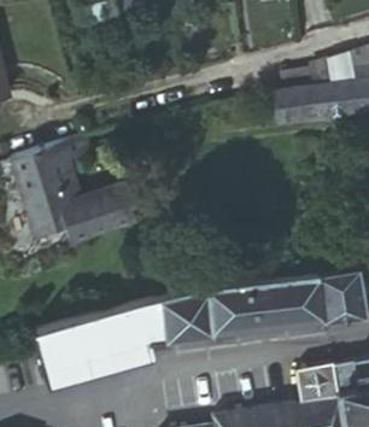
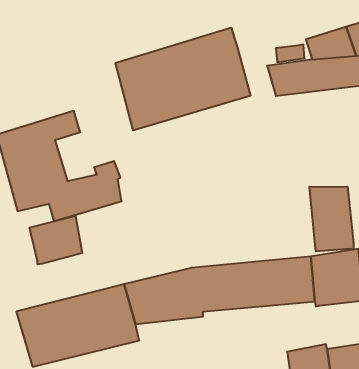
building: none -> [116,28,251,130]
building: none -> [309,187,354,251]
building: none -> [30,216,82,264]

